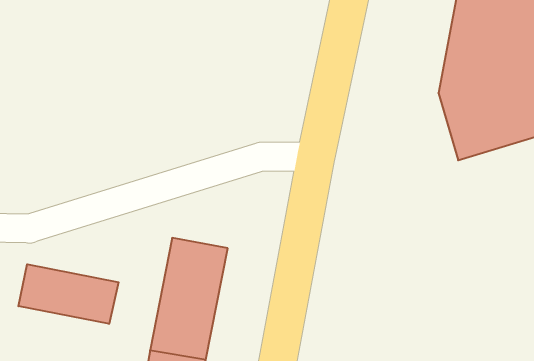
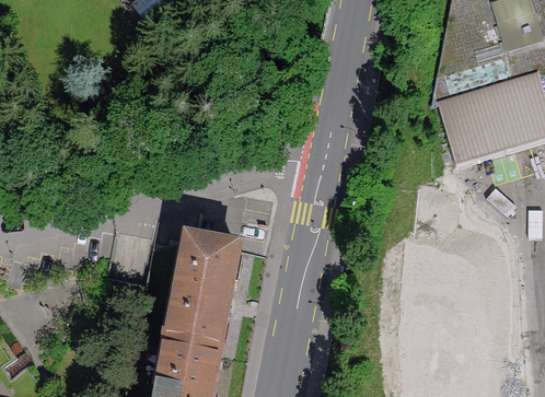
building: [18,264,119,324] -> none

